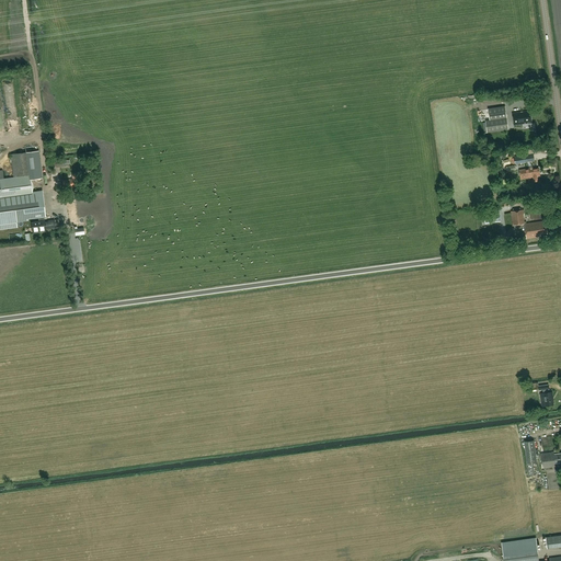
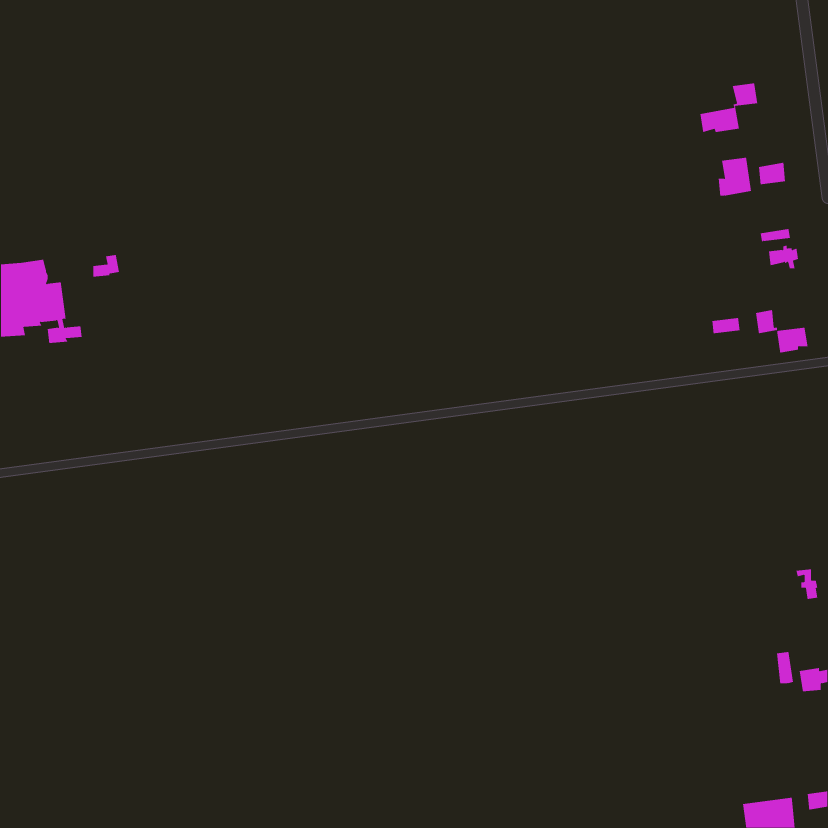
building: none -> [700,83,758,133]
building: [11,151,42,180] -> none

